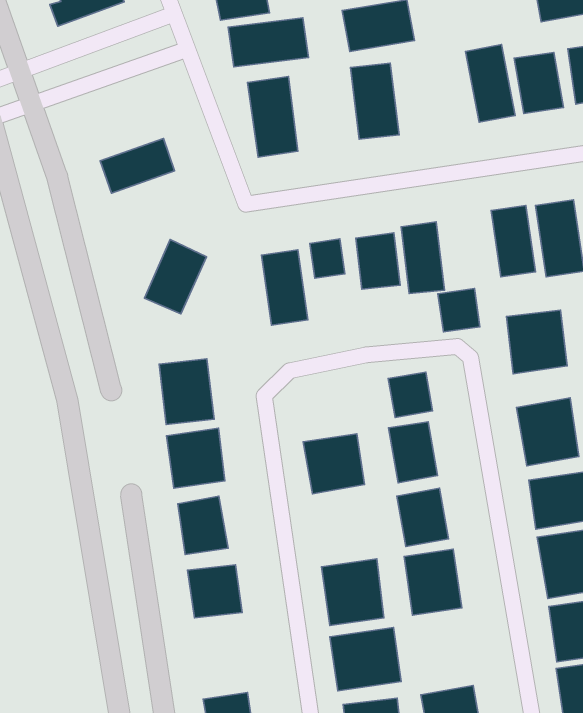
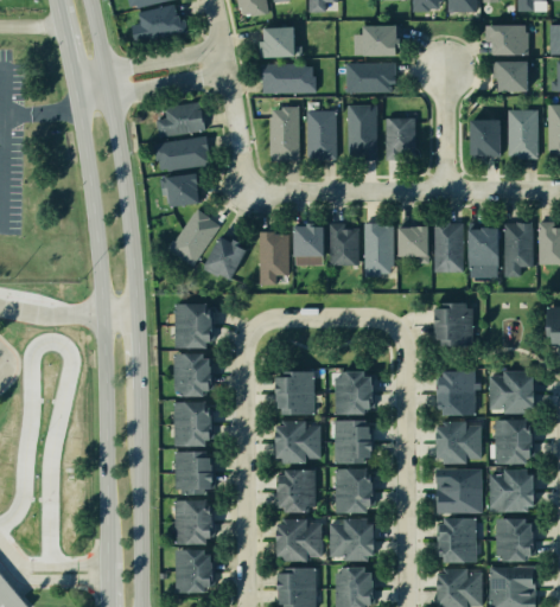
building: [465,45,515,122] -> [387,111,416,166]
building: none -> [310,109,336,159]
building: none -> [152,104,201,138]
building: none -> [163,172,204,209]
building: none -> [205,238,249,283]
building: [438,289,480,332] -> [400,226,427,255]
building: [388,372,432,417] -> none
building: none -> [274,424,317,461]
building: none -> [329,516,371,560]
building: none -> [174,498,208,542]

